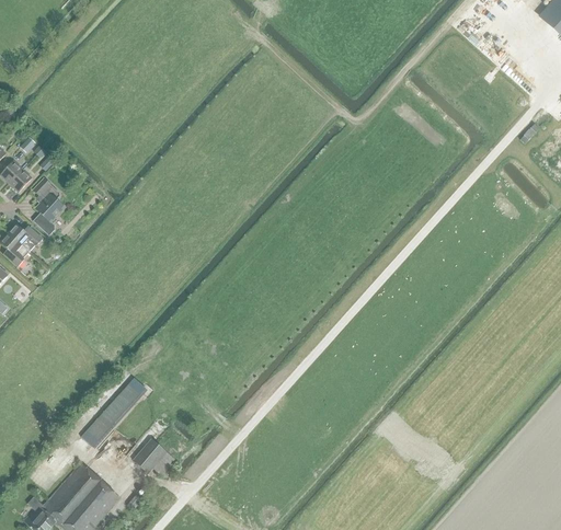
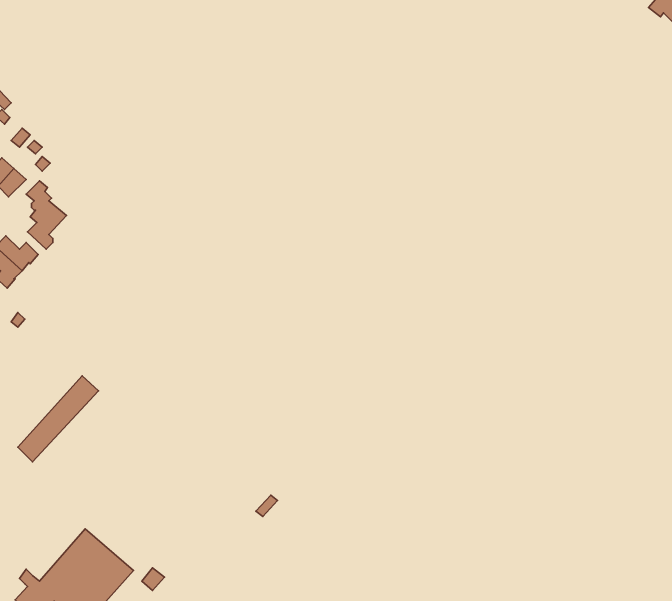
building: [82,377,148,447] -> [18,376,98,462]
building: [134,438,178,476] -> none

